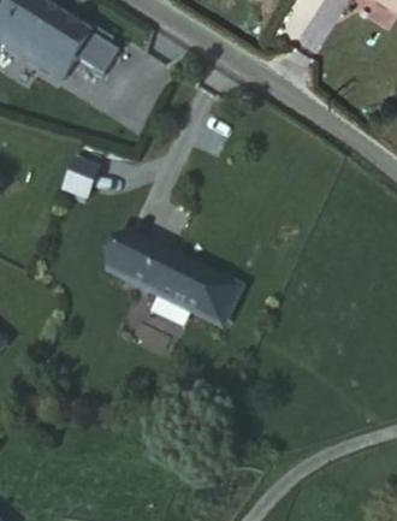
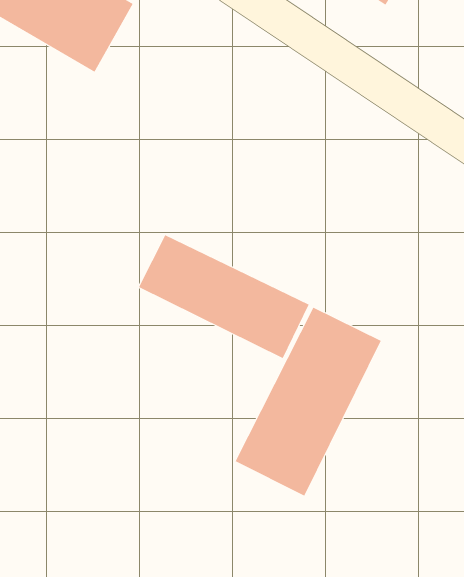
building: none -> [235,307,382,496]

